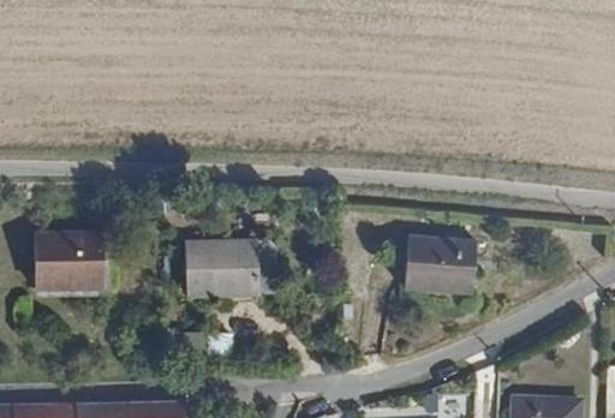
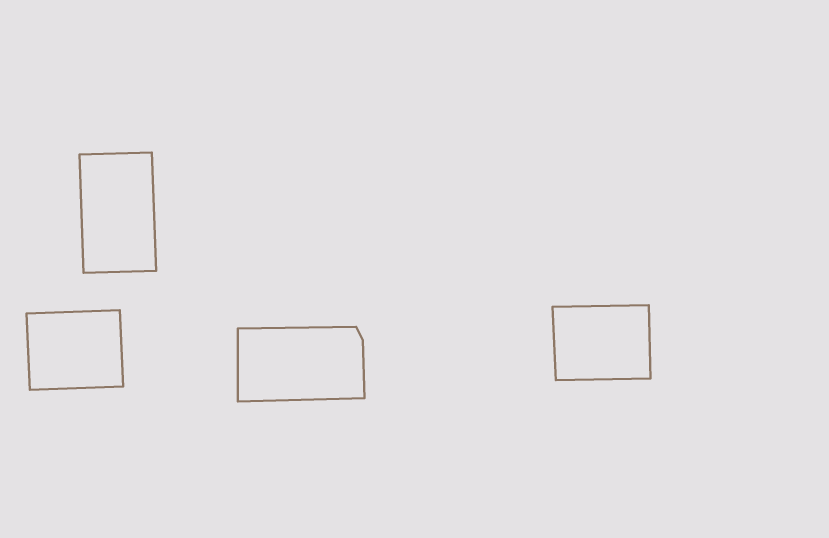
building: none -> [79,153,156,273]

